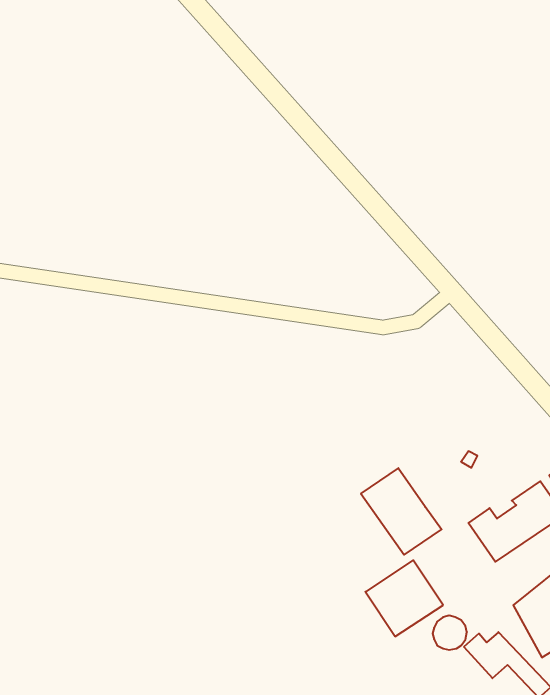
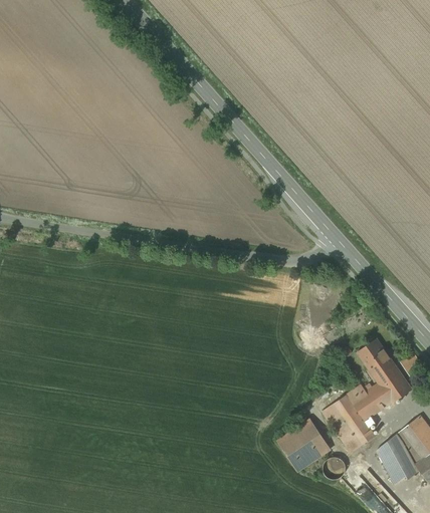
building: none -> [358,339,396,379]
building: [361,468,442,555] -> [322,395,377,453]

